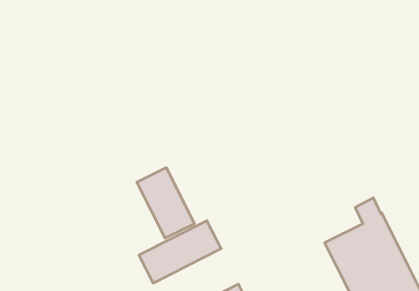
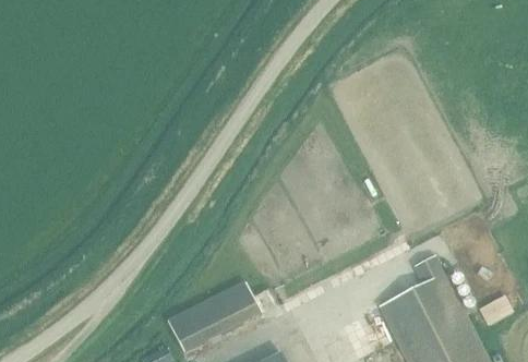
building: [137,168,194,238] -> none

